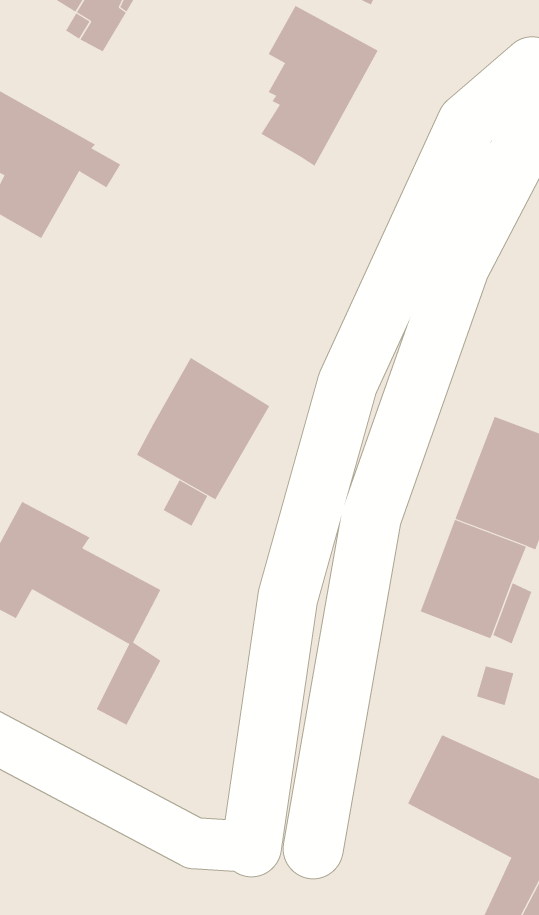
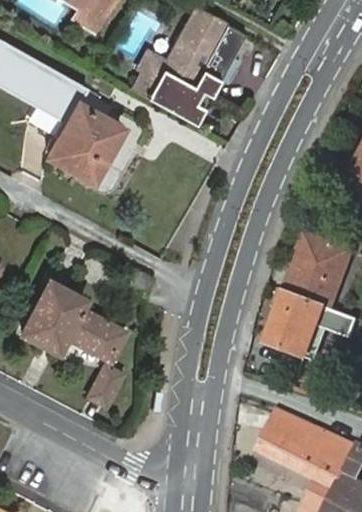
building: none -> [131,35,201,123]
building: [136,357,270,500] -> [47,100,121,179]

